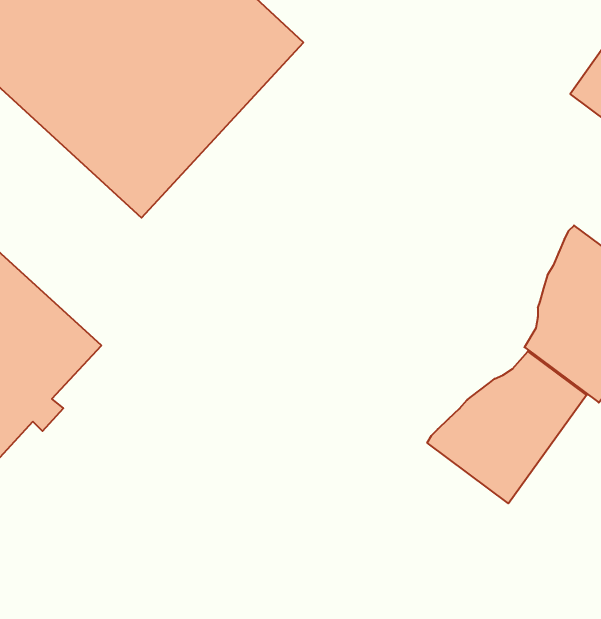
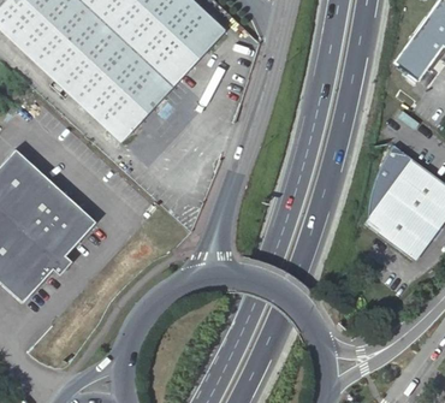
building: [427,351,587,503] -> none

